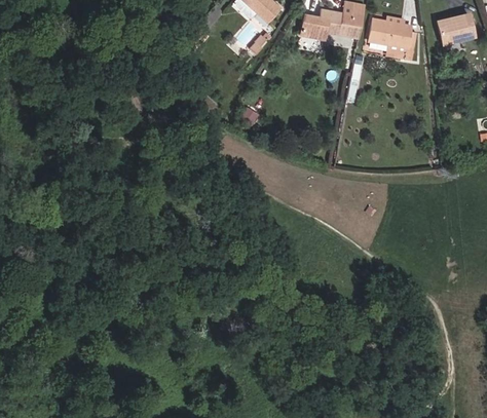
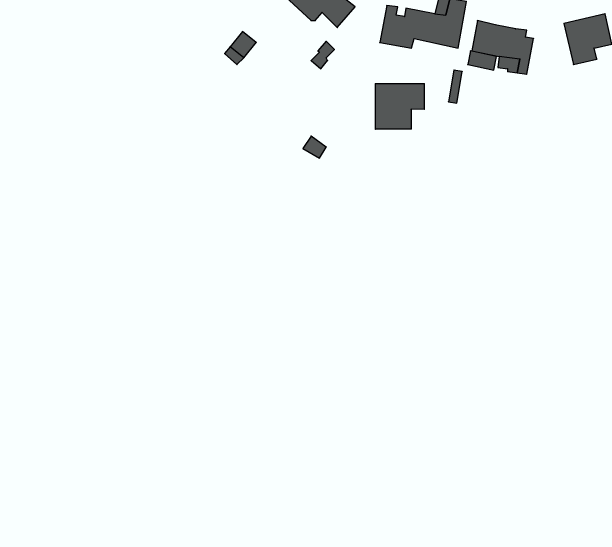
building: none -> [375,84,424,129]

